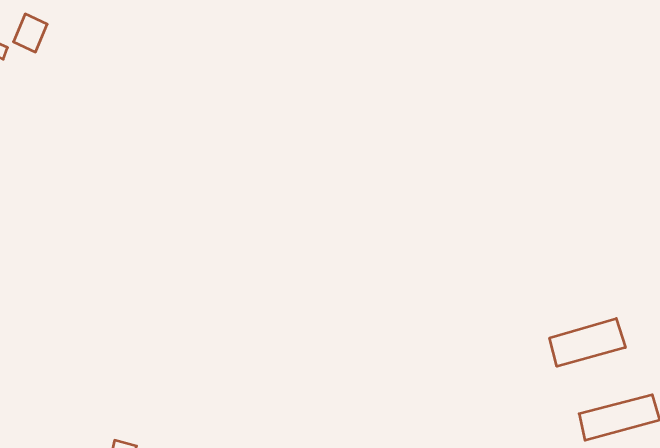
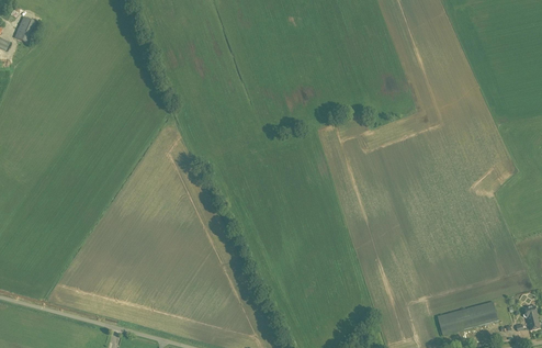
building: [550,318,625,366] -> none

